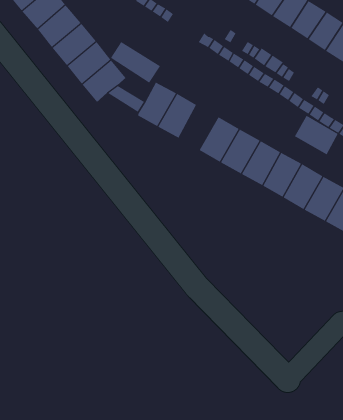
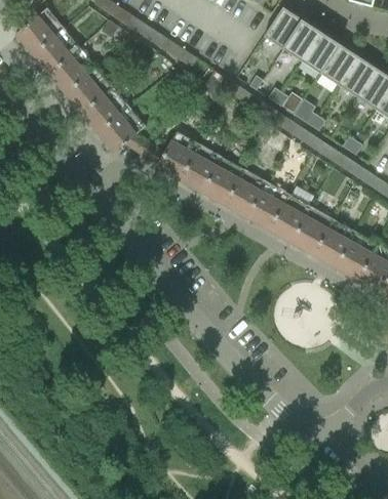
building: [110,41,161,84] -> none
building: none -> [201,156,243,204]
building: [294,115,338,155] -> none

